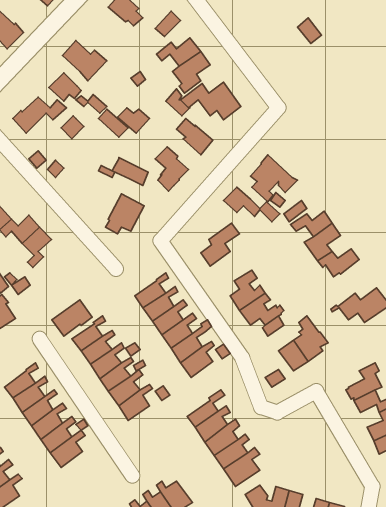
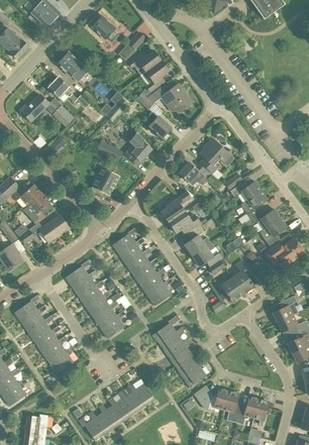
building: none -> [169,211,201,235]
building: none -> [259,217,287,246]
building: [52,300,92,336] -> [38,215,69,242]

